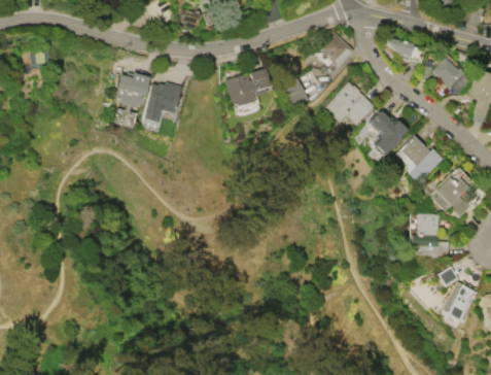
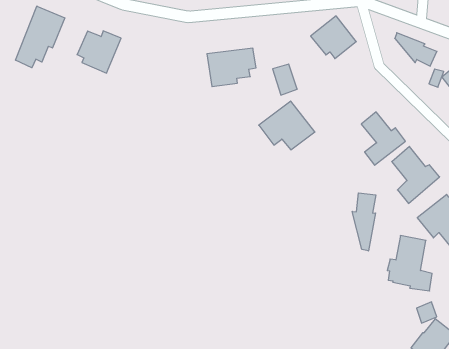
building: none -> [16,6,65,68]
building: [143,81,182,122] -> none
building: [325,83,375,126] -> [259,101,315,150]
building: none -> [352,193,376,251]

